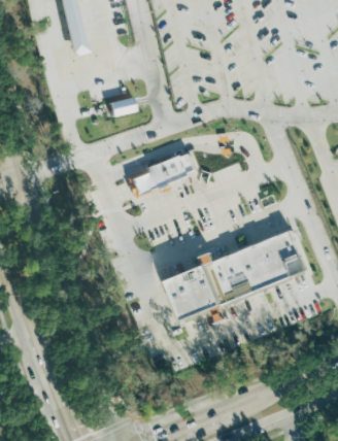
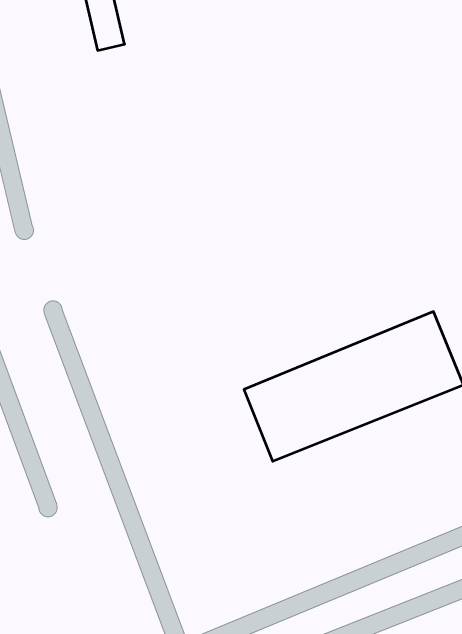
building: [108,97,136,117] -> none
building: [129,150,195,194] -> none

